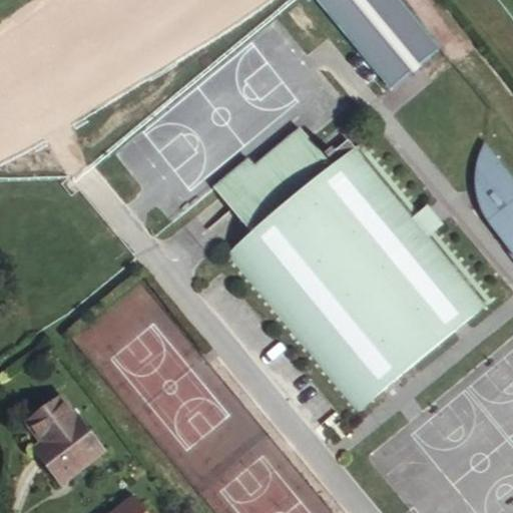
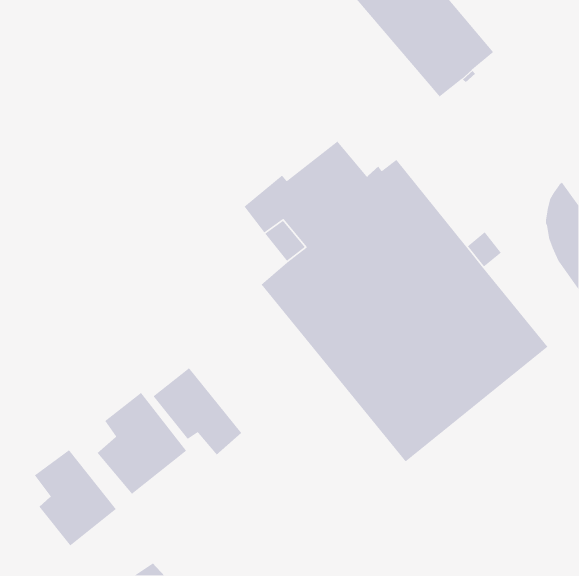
building: none -> [153,367,242,456]
building: none -> [97,392,187,495]

